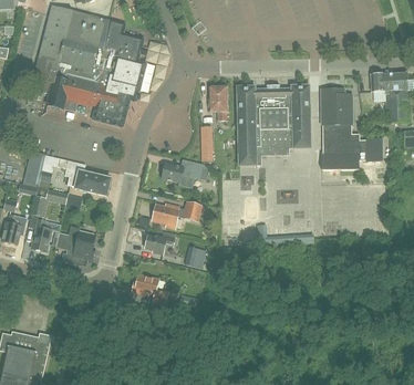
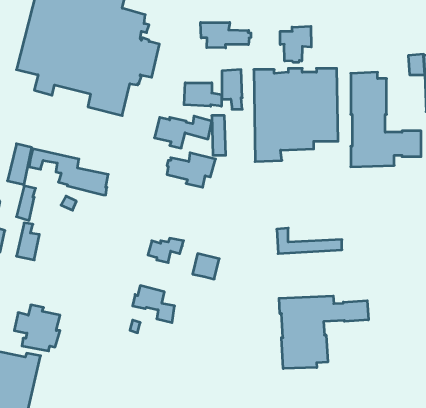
building: none -> [201,22,251,48]
building: none -> [280,26,311,62]
building: none -> [184,83,221,106]
building: [151,201,200,229] -> [154,116,212,148]
building: [54,225,94,264] -> [14,305,60,351]
building: none -> [279,296,368,369]

